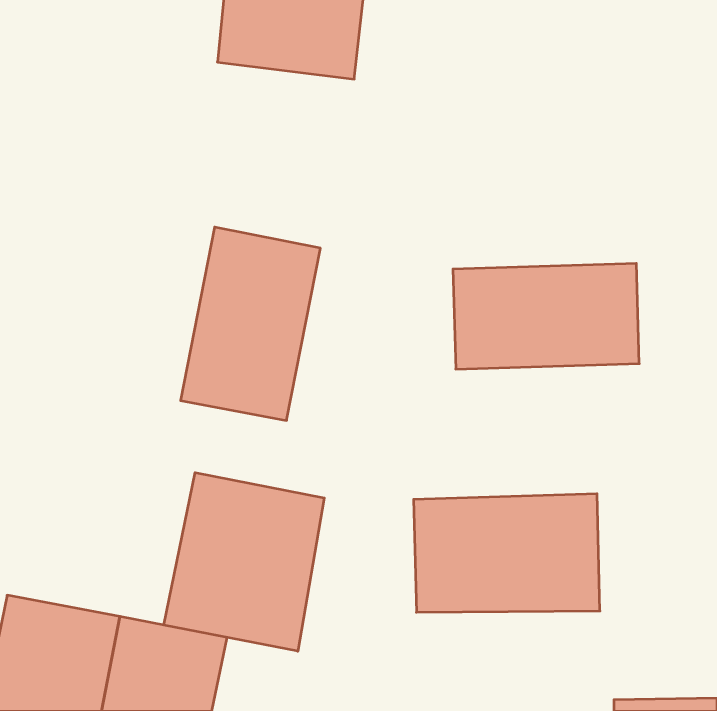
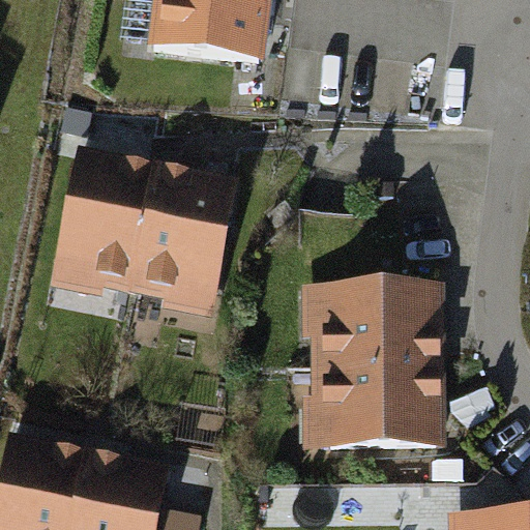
building: none -> [57,152,157,294]
building: [453,263,639,369] -> [301,289,438,366]
building: [164,473,324,651] -> none

